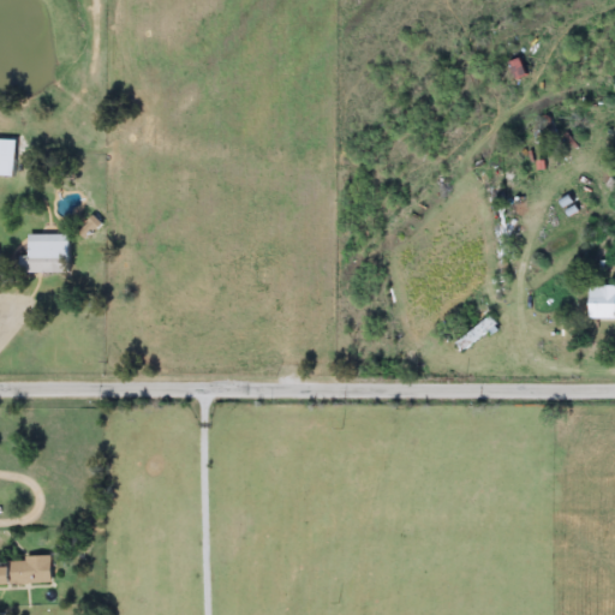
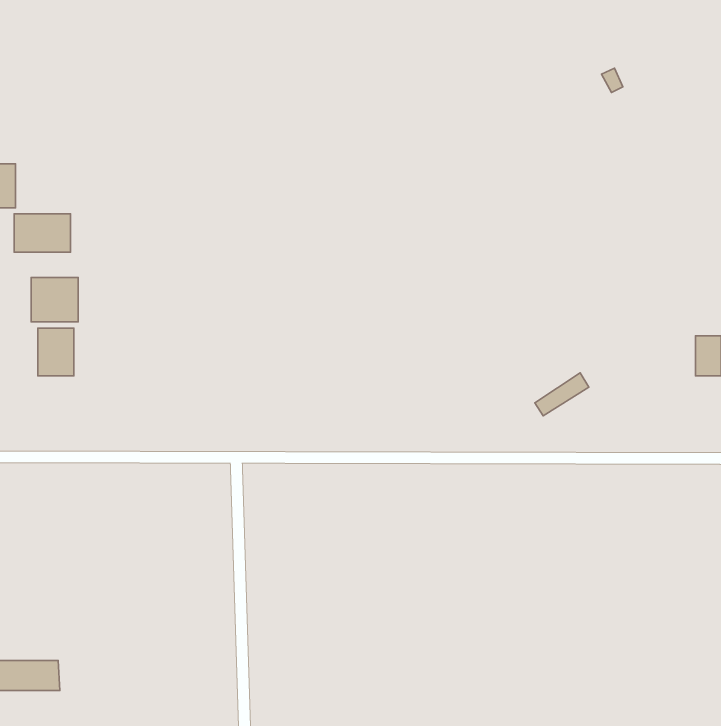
building: none -> [14,214,71,252]
building: none -> [38,328,74,376]

